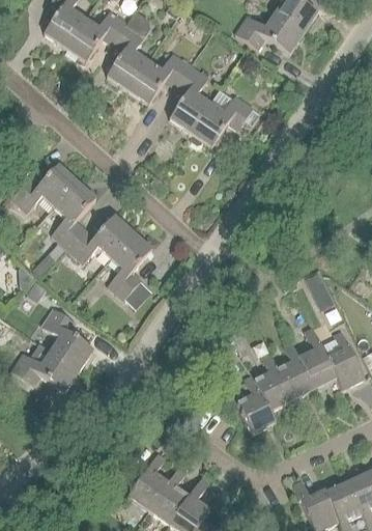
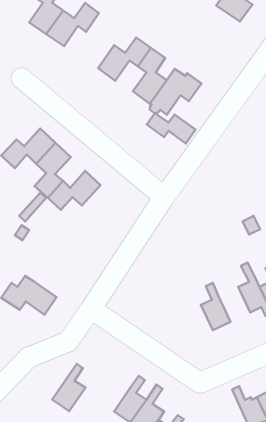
building: [108,11,150,89] -> none
building: [234,12,302,54] -> none
building: none -> [147,113,196,144]
building: [107,232,151,300] -> none
building: [41,307,92,369] -> none
building: [276,340,314,399] -> none
building: [235,373,275,432] -> none
building: [127,451,168,509] -> [52,364,85,411]

